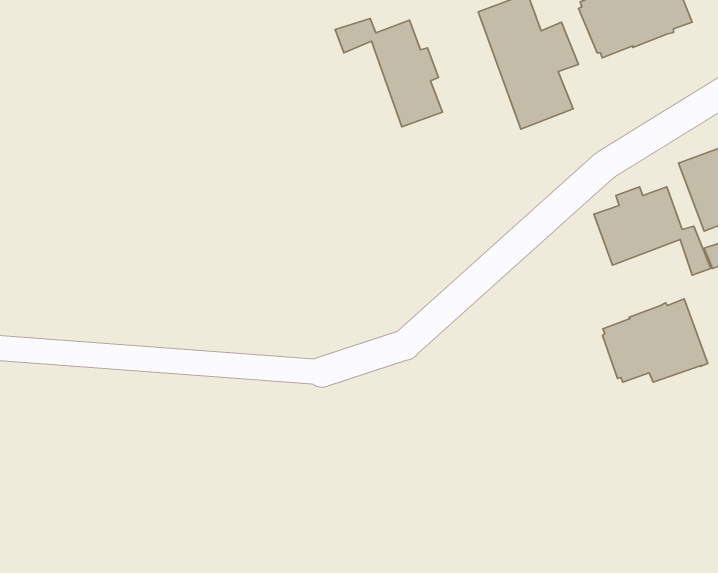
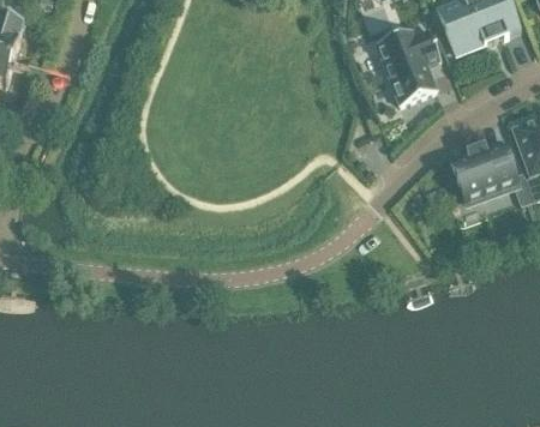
building: [335,19,443,127] -> none
building: [603,299,708,382] -> none

